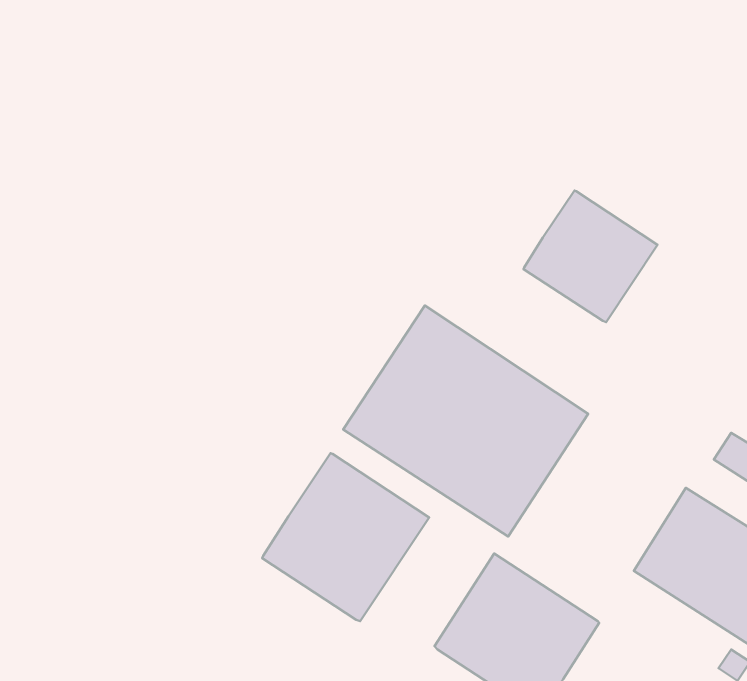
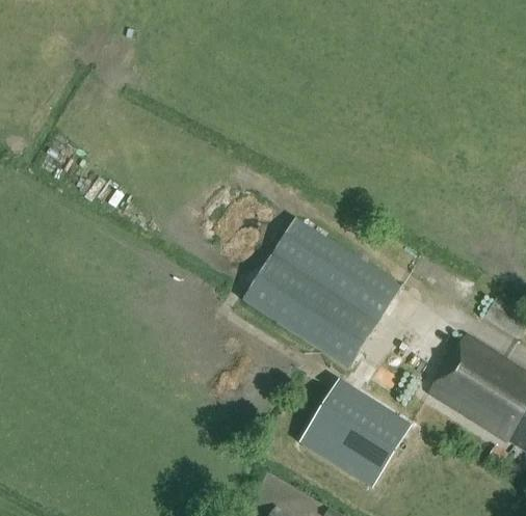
building: [523,191,658,322] -> none
building: [262,453,429,621] -> none

